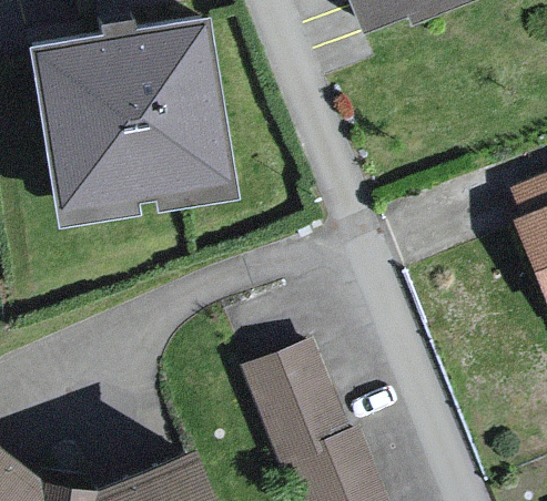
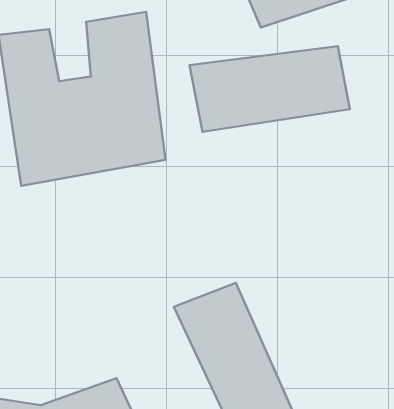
building: none -> [189,46,350,132]

